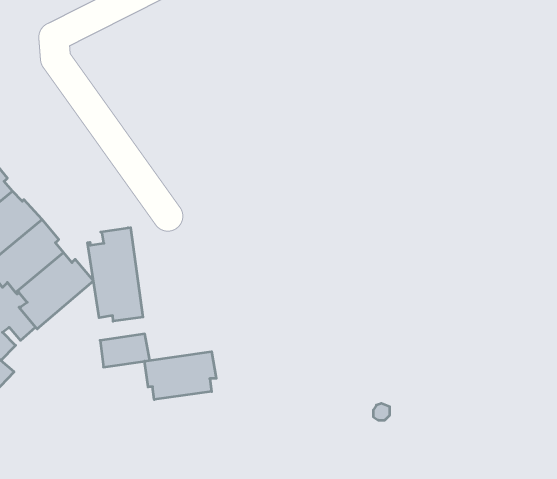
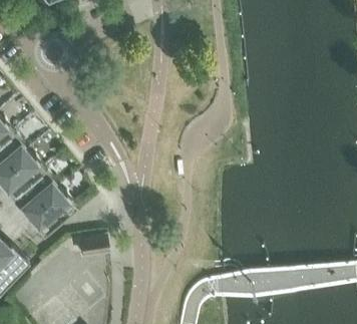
building: [88,228,143,321] -> none
building: [145,352,216,400] -> none

